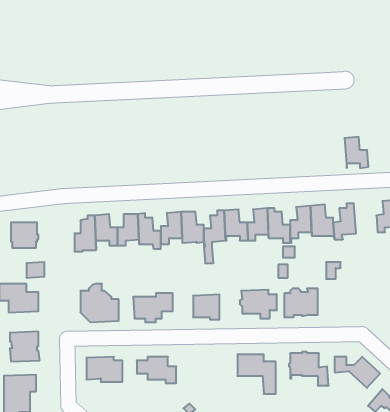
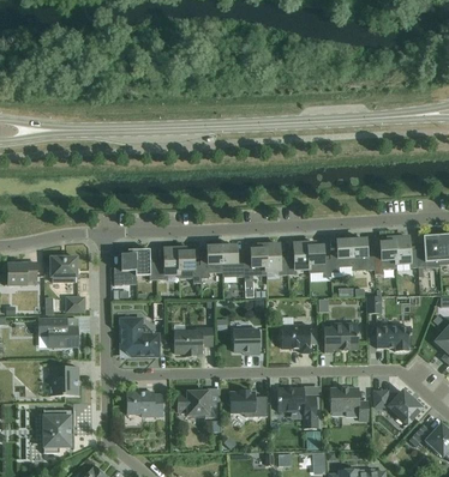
building: [344,137,368,168] -> [394,236,418,267]
building: none -> [376,326,411,350]
building: none -> [226,390,267,416]

